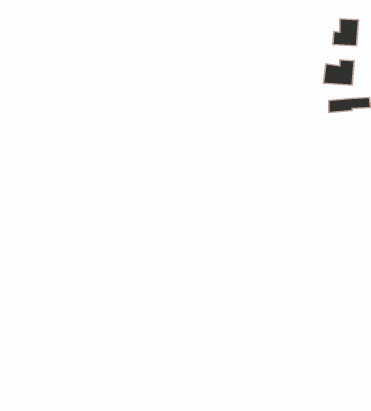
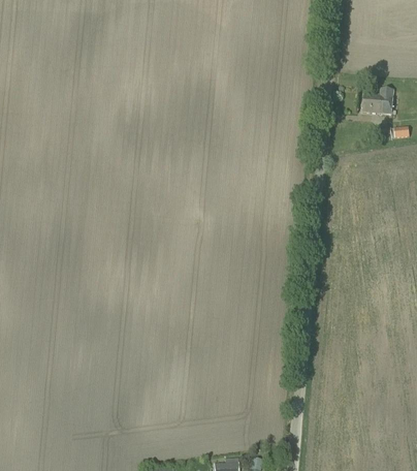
building: [333,19,358,46] -> none

